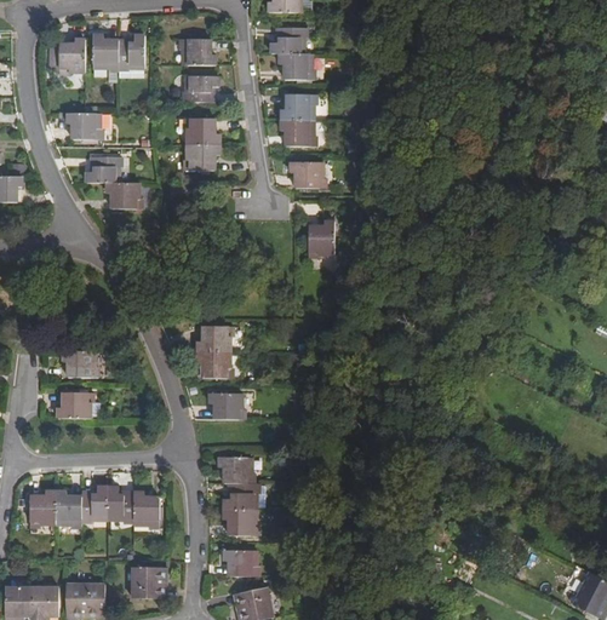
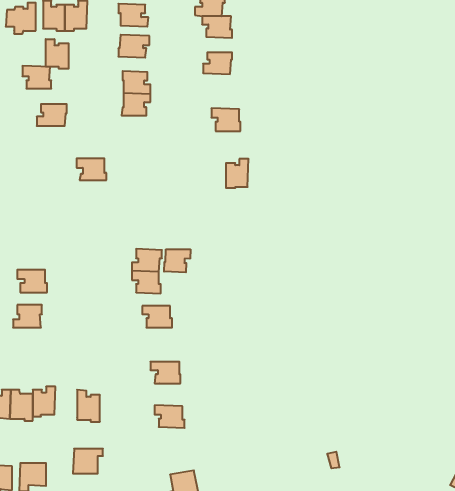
building: none -> [46,39,69,69]
building: [281,120,315,145] -> none
building: [107,182,142,207] -> [77,158,106,180]
building: none -> [164,249,190,272]
building: [224,483,260,510] -> none
building: [107,487,133,523] -> none
building: [224,550,259,575] -> none

